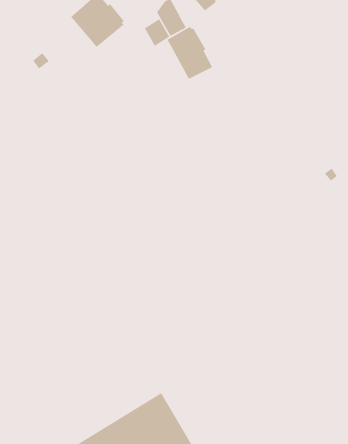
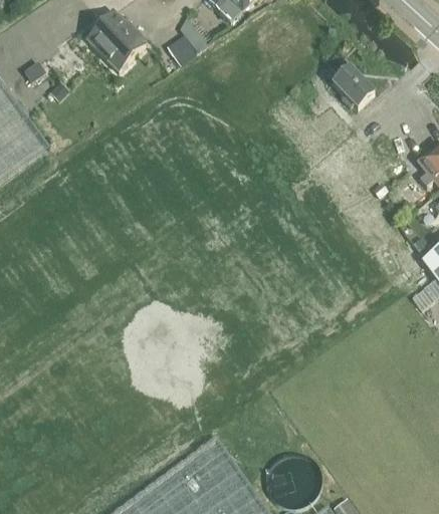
building: [167,26,213,80] -> none
building: none -> [334,59,375,110]

